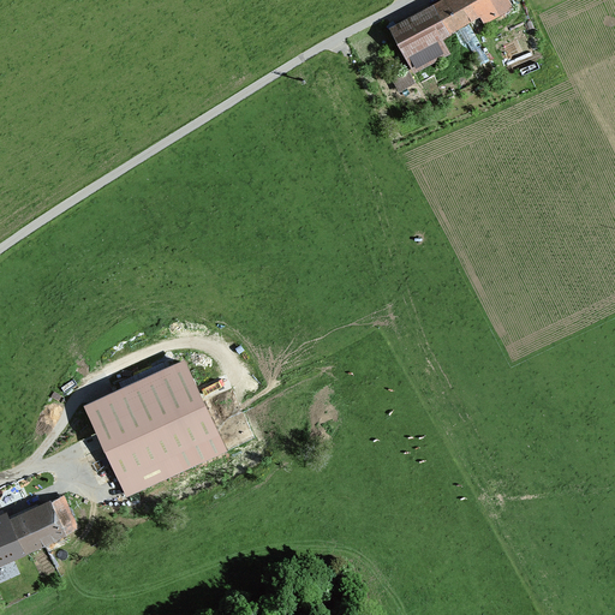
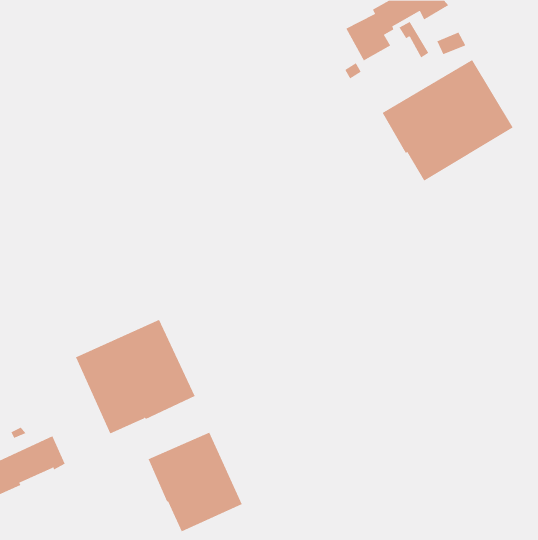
building: none -> [382,59,514,181]
building: none -> [148,432,243,532]

